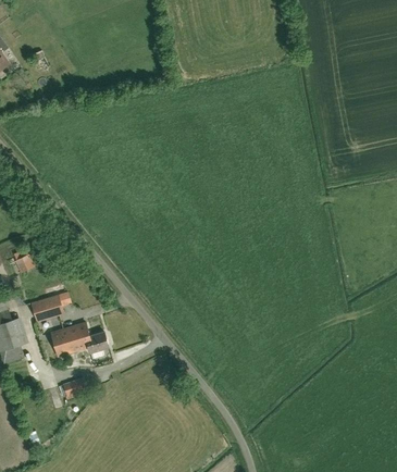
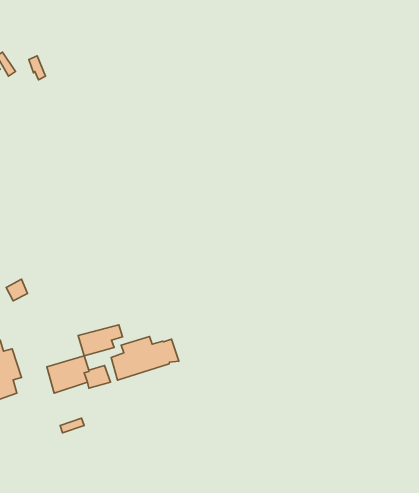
building: [30,294,71,322] -> [78,325,122,356]
building: none -> [111,337,179,380]

